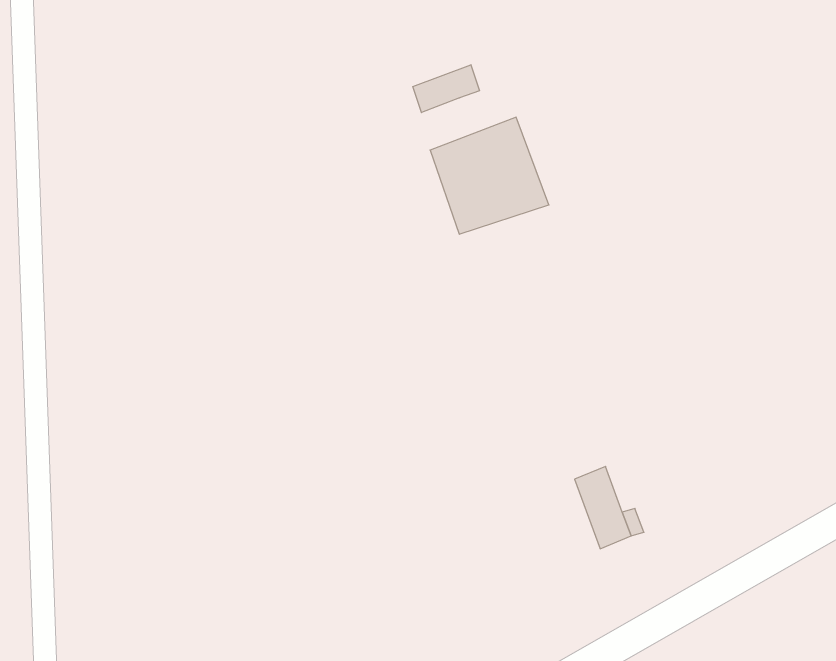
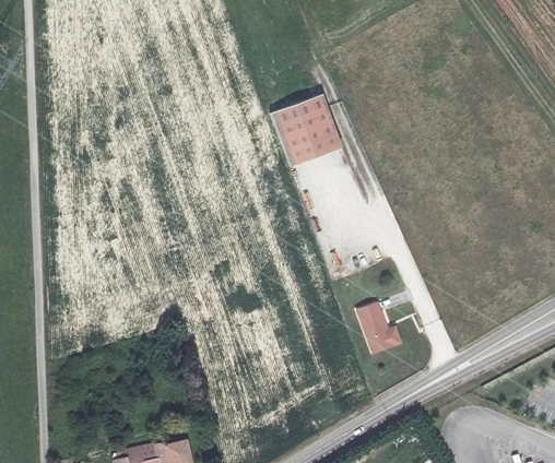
building: [413,65,480,113] -> none

